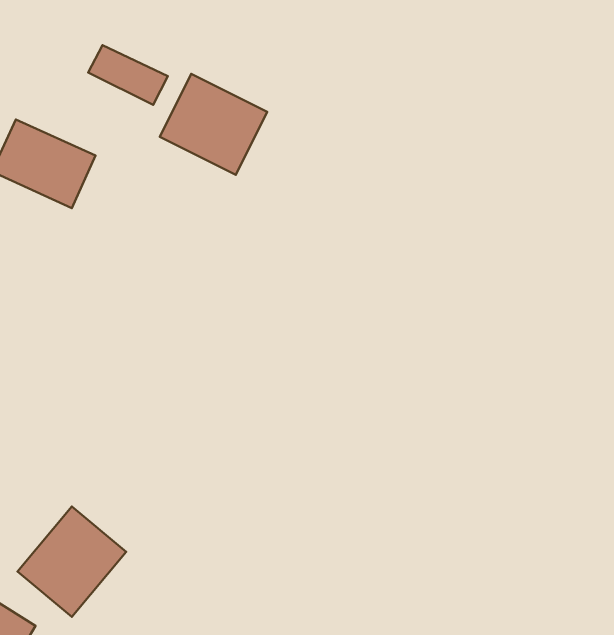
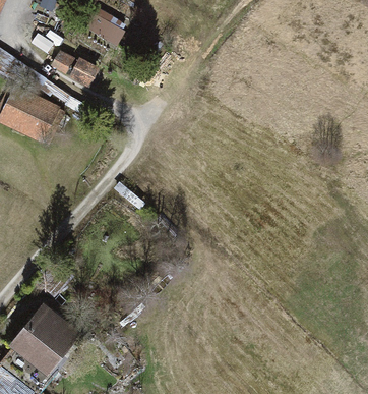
building: [160,74,267,175] -> none

